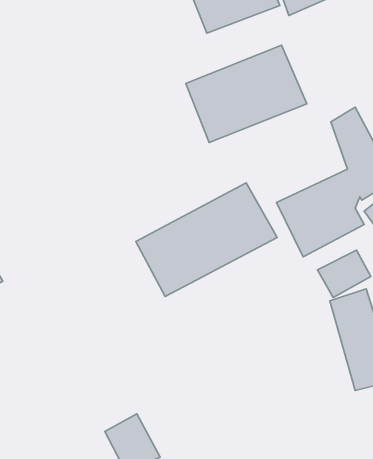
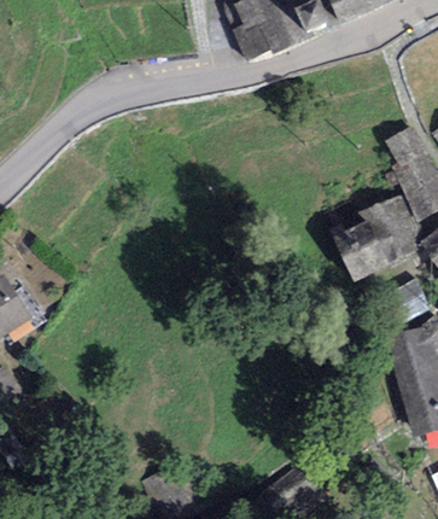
building: [186,45,307,142] -> none
building: [136,183,277,297] -> none

